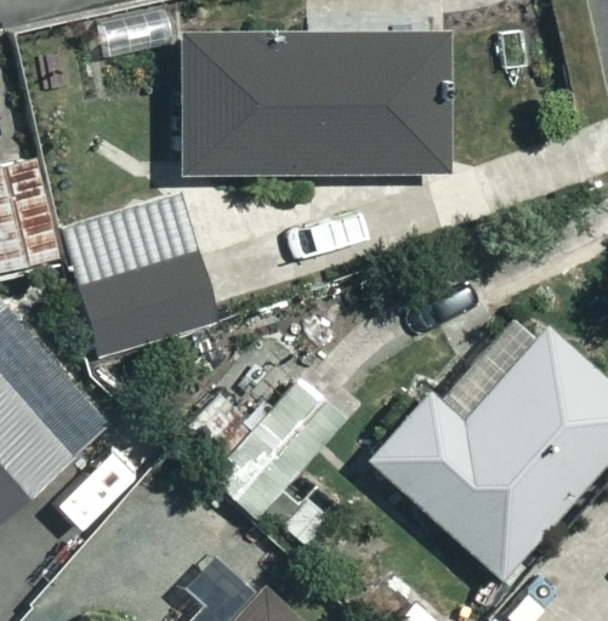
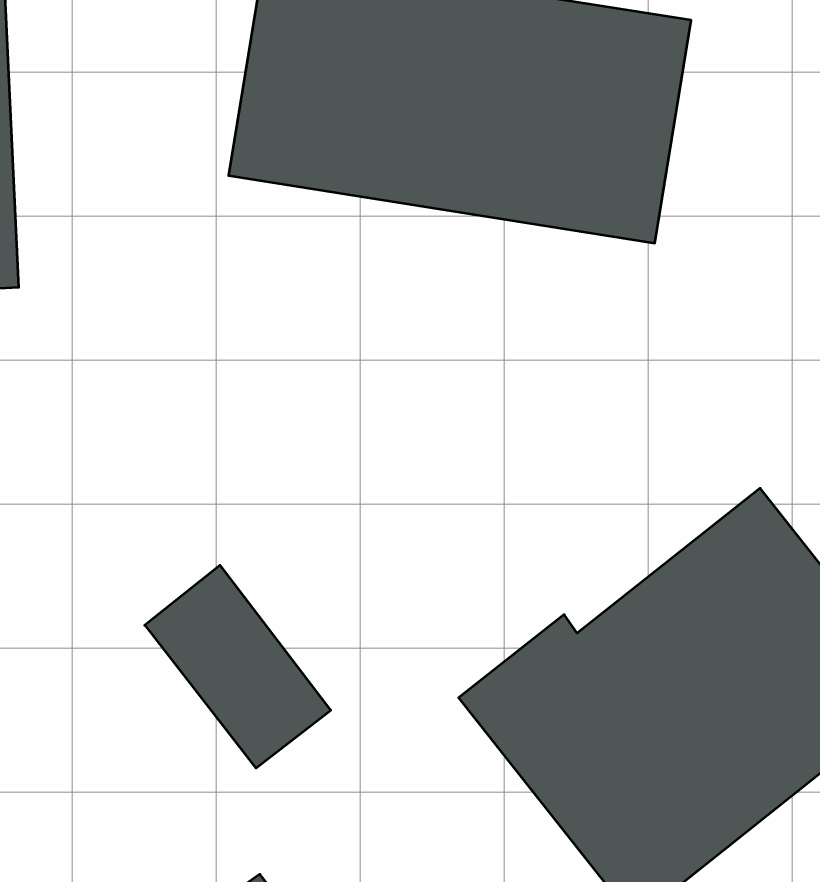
building: [72,209,218,355] -> none

